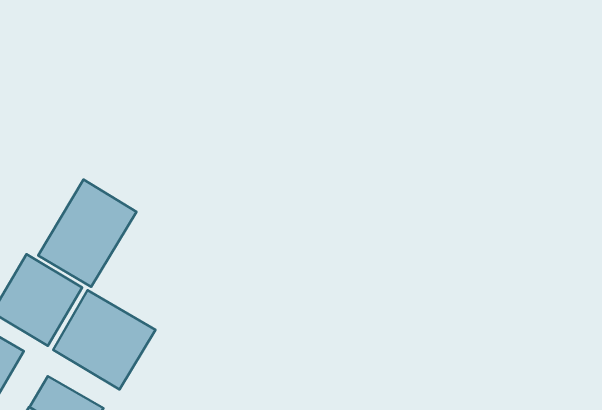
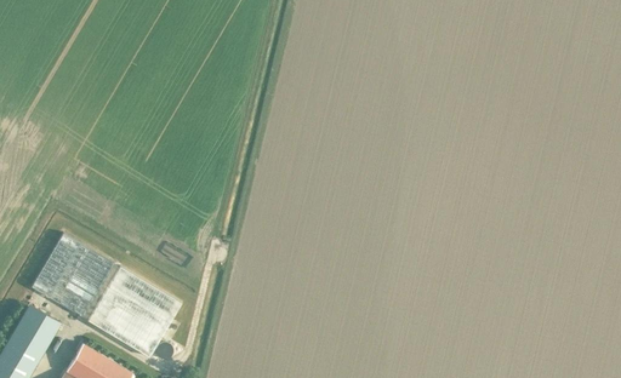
building: [38,179,136,287] -> none

